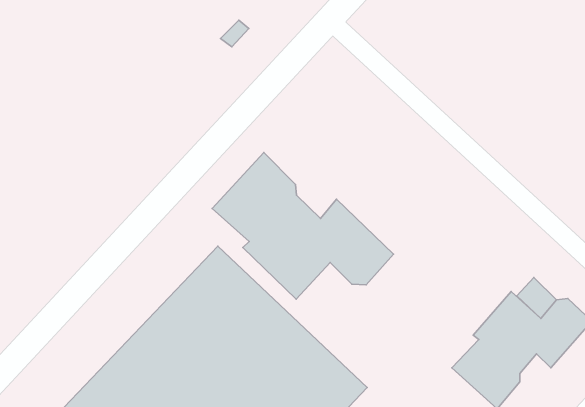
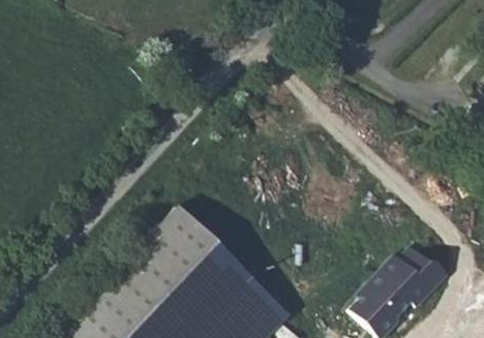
building: [212,153,394,299] -> none

